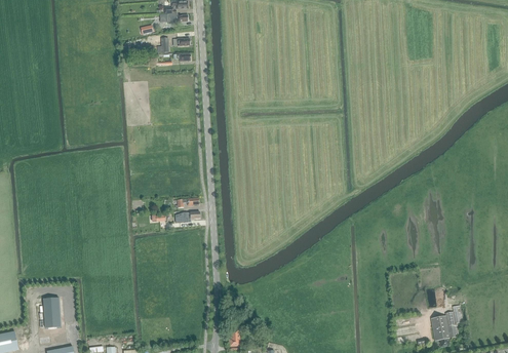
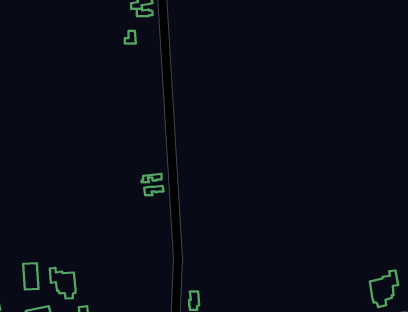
building: none -> [50,268,76,298]

